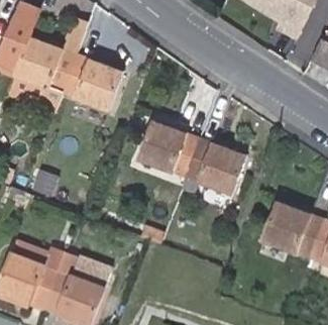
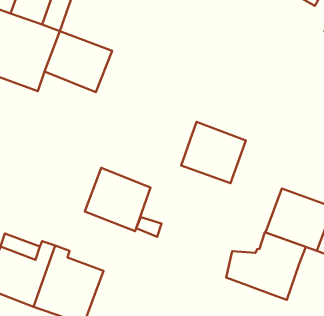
building: [134,121,195,180] -> [85,168,151,231]
building: none -> [226,232,306,300]

